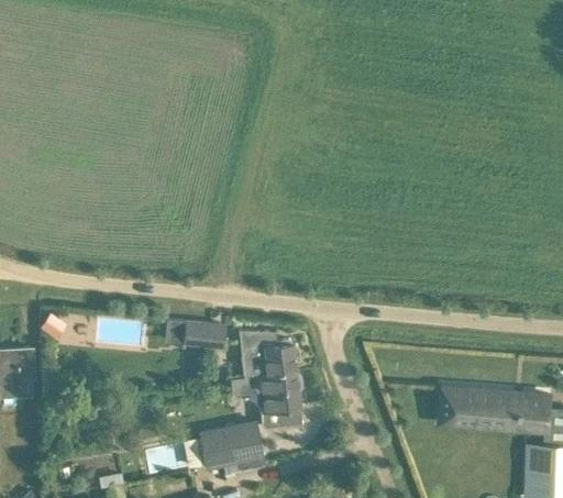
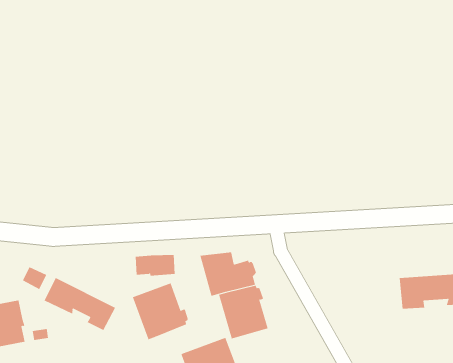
building: none -> [44,277,116,331]
building: none -> [132,282,188,343]

